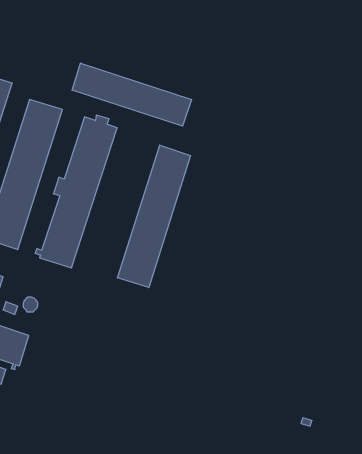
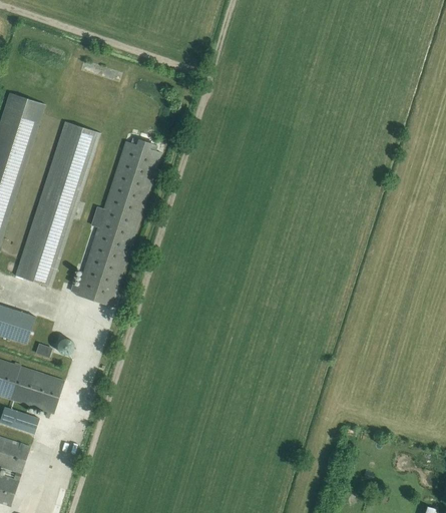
building: [72,63,192,126] -> none
building: [117,145,191,288] -> none

